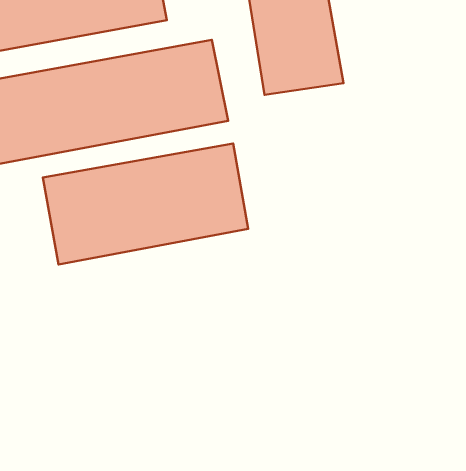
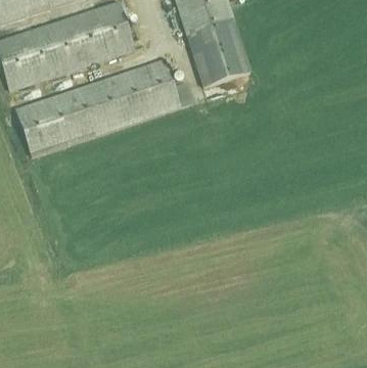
building: [43,144,248,264] -> none

